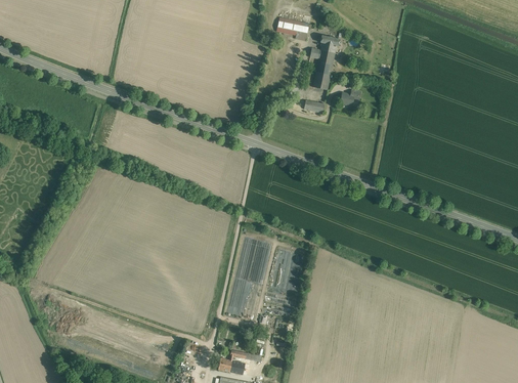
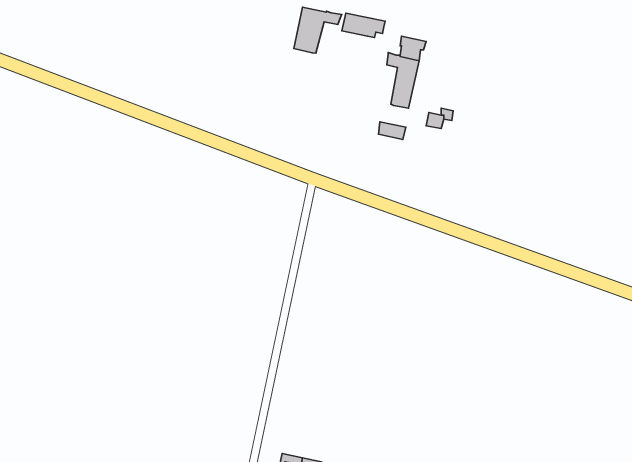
building: none -> [294,7,342,53]

